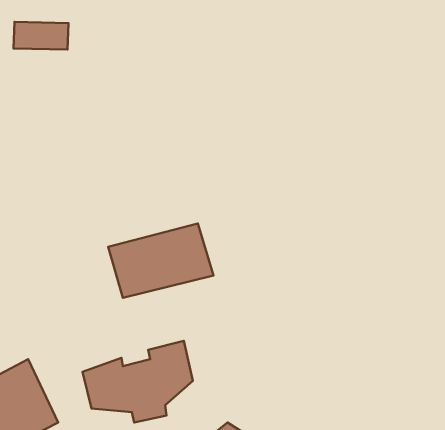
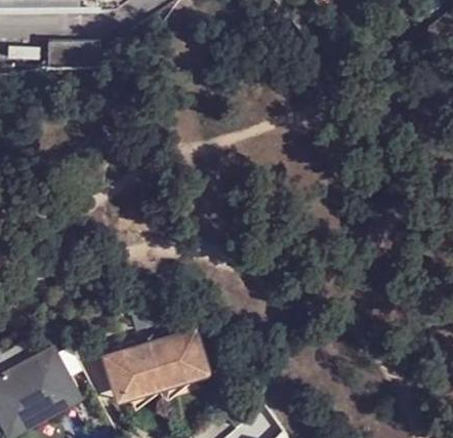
building: [108,224,213,298] -> none

